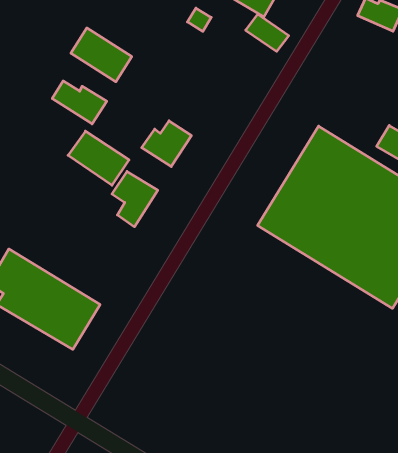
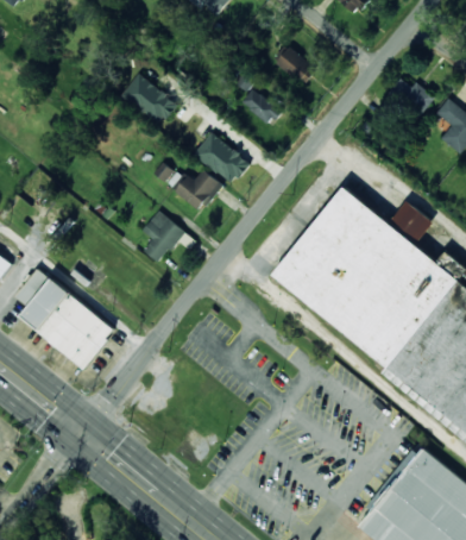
building: [246,14,289,51] -> [240,87,279,124]
building: [52,81,107,124] -> none
building: [68,131,129,185] -> [193,131,248,184]

